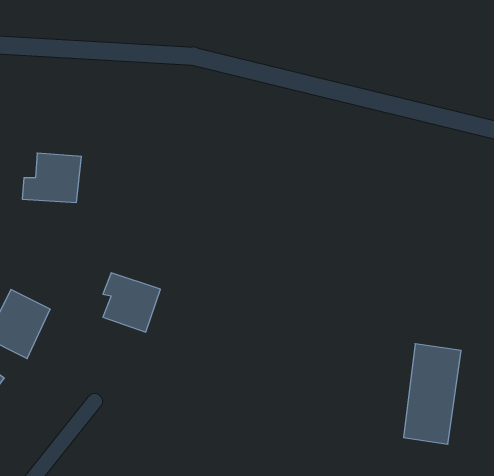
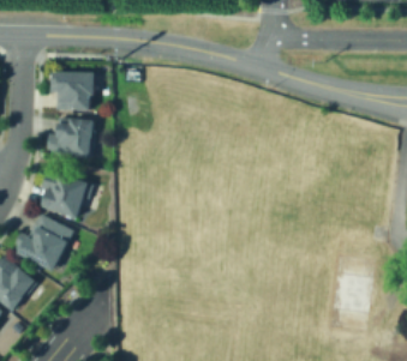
building: none -> [49,71,91,107]
building: [103,273,160,332] -> [43,172,85,215]

